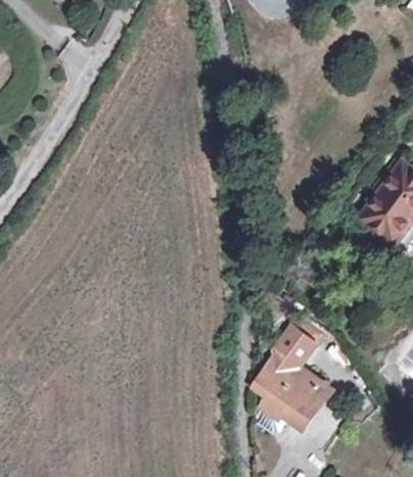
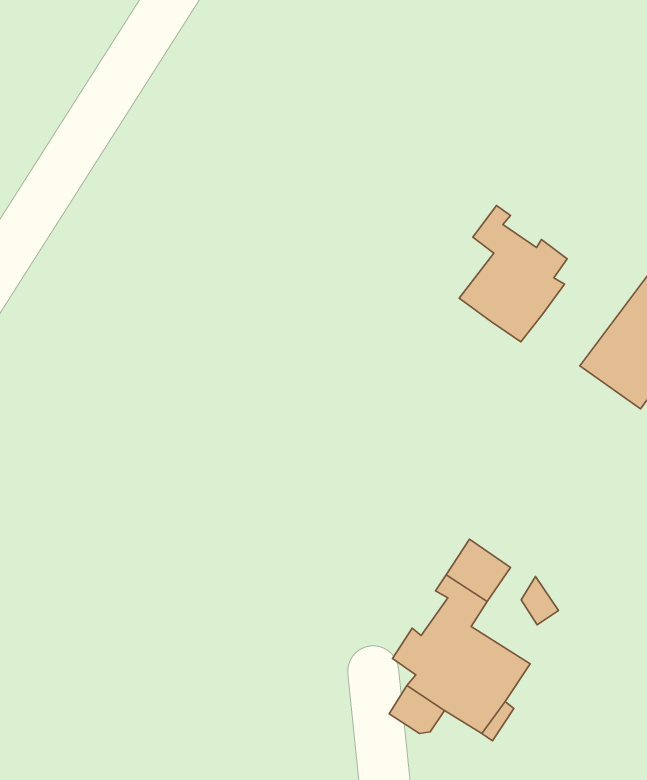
building: none -> [459,205,567,342]

